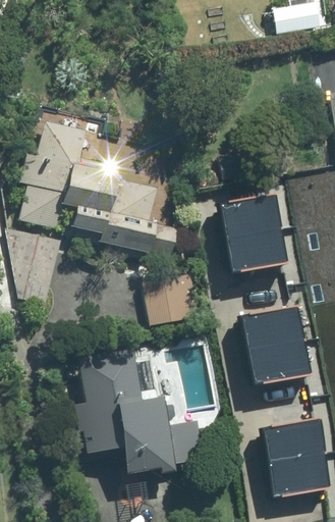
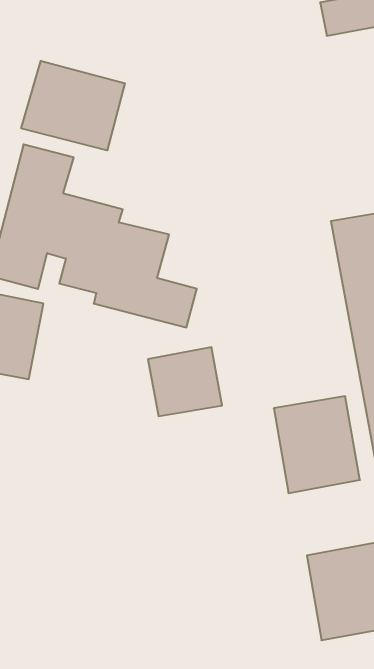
building: none -> [21,61,125,150]
building: [219,196,286,271] -> none
building: [76,350,175,475] -> none

